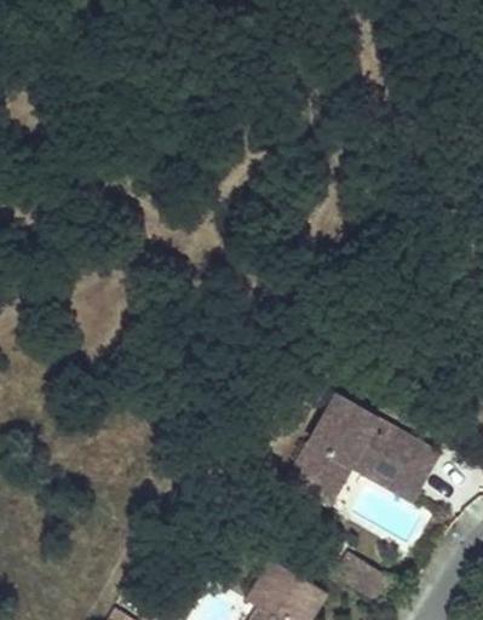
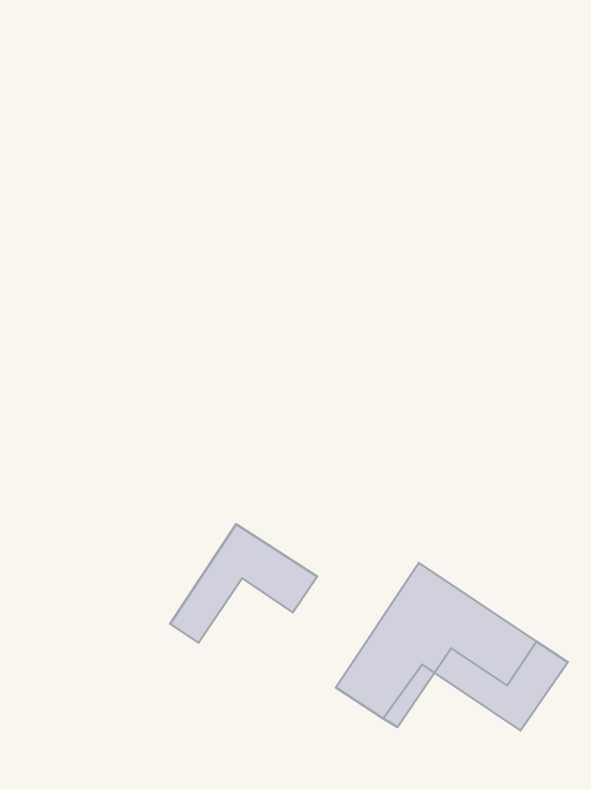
building: none -> [170,524,317,643]

